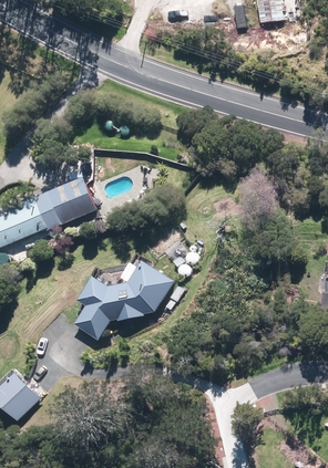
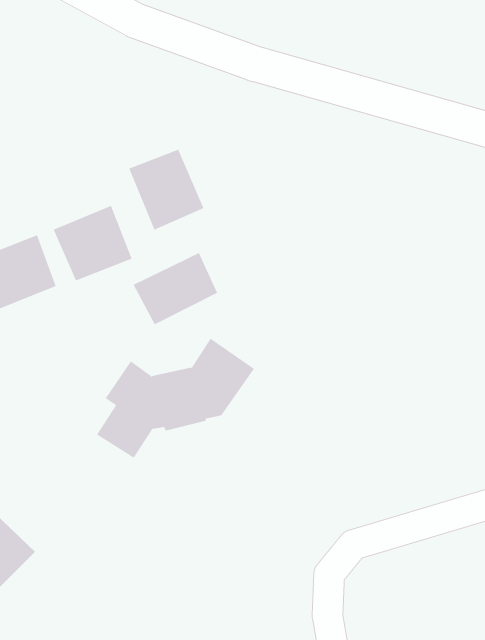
building: none -> [128,149,204,230]
building: none -> [133,252,218,325]

